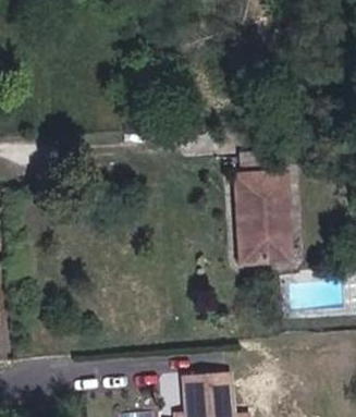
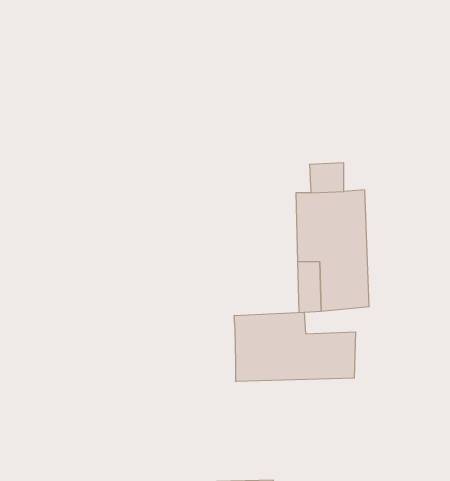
building: none -> [234,312,356,382]

